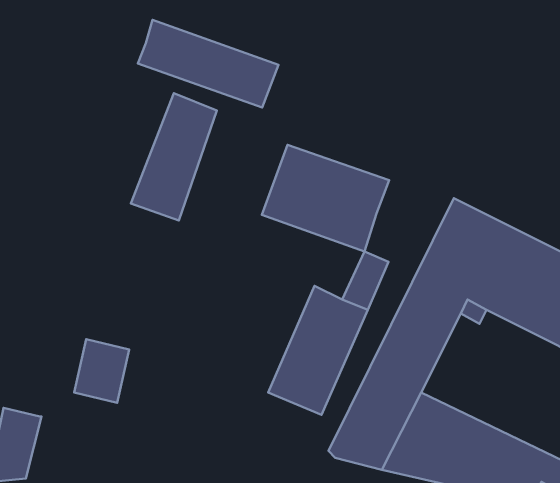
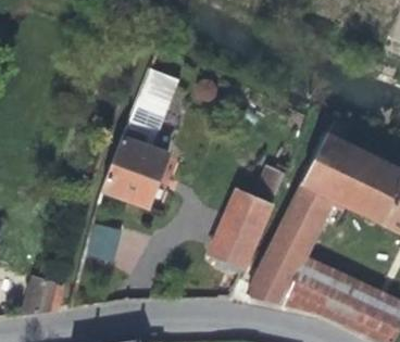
building: [138,20,278,107] -> none
building: [262,145,389,251] -> none
building: none -> [101,136,167,206]

